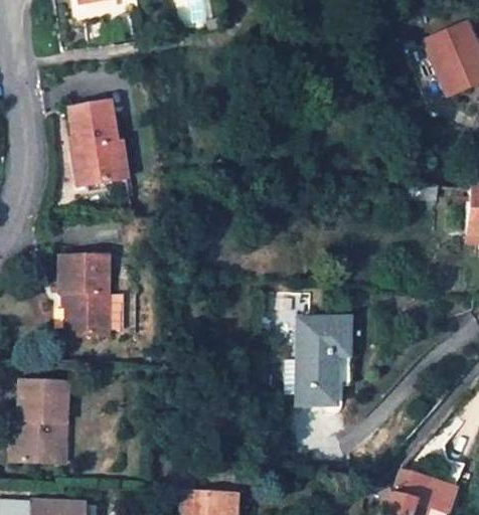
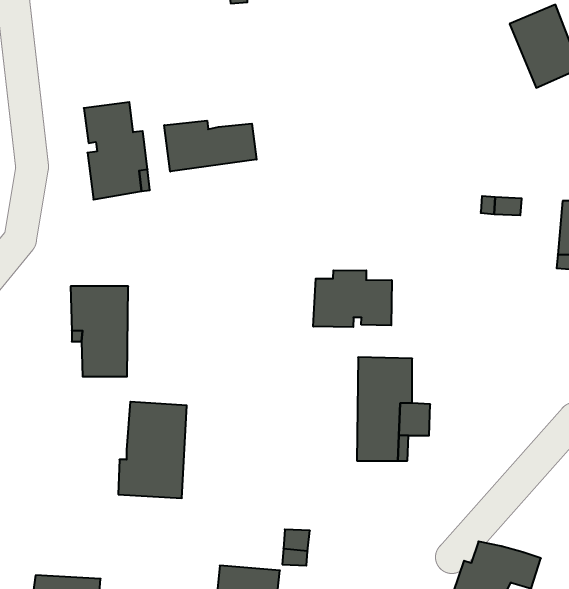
building: none -> [164,121,257,172]
building: none -> [313,270,392,327]
building: [11,381,68,462] -> [118,402,187,498]

